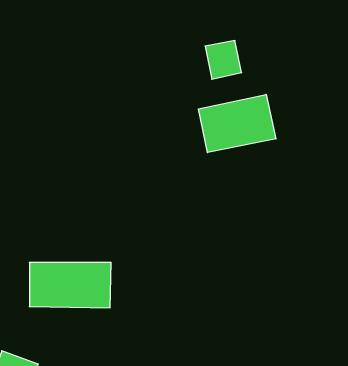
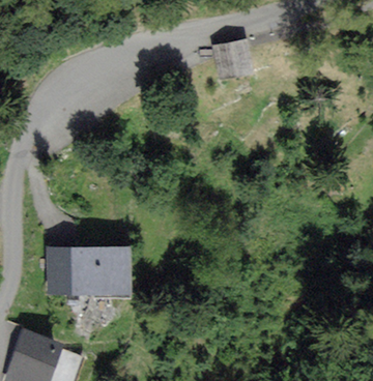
building: [199,94,276,153] -> none

